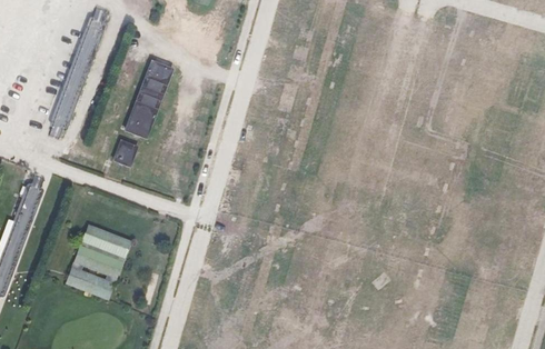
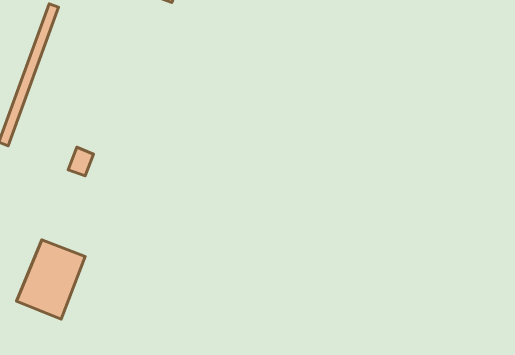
building: [125,60,172,137] -> none

